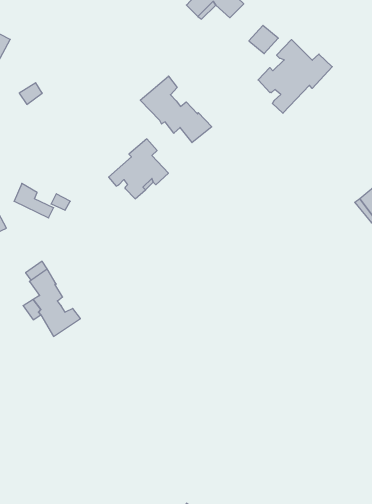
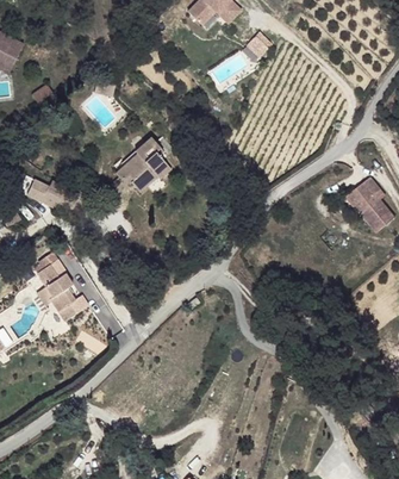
building: [258,40,332,113] -> none
building: [140,76,212,143] -> none

